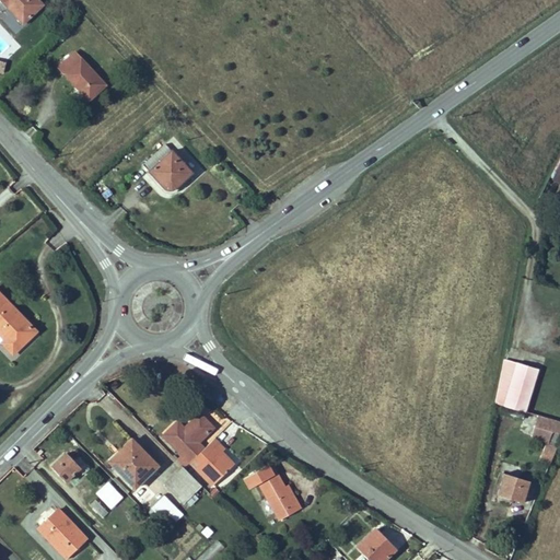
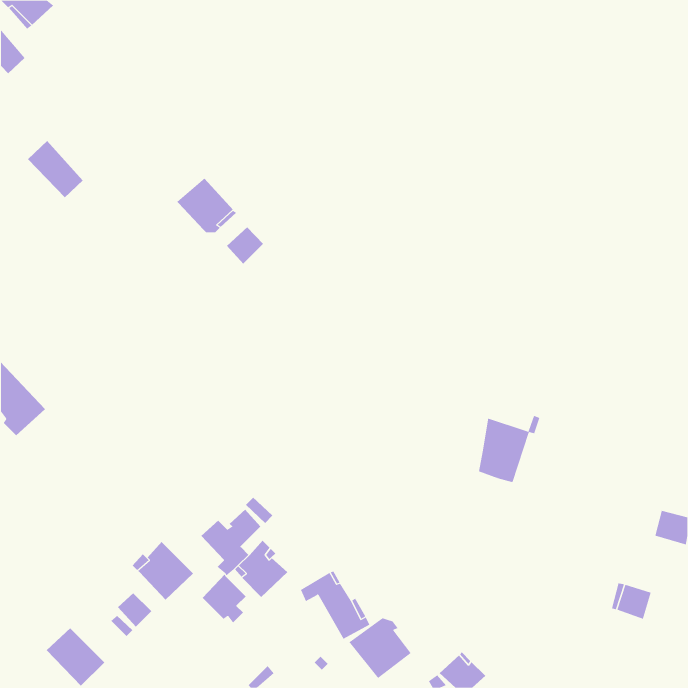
building: [59,52,105,100] -> [27,140,84,198]
building: none -> [226,226,264,264]
building: [497,357,547,411] -> [478,415,540,482]
building: [51,456,90,481] -> none
building: [151,495,184,528] -> none
building: none -> [349,617,412,679]

